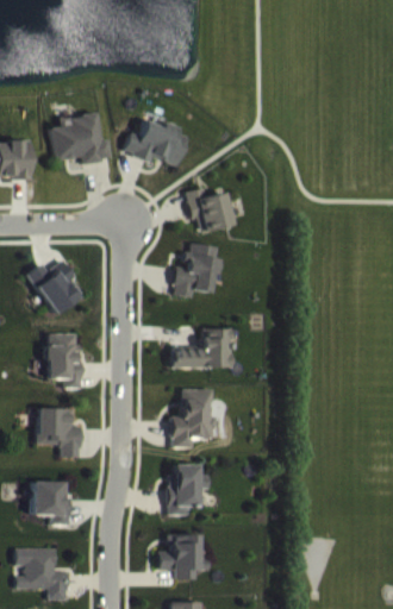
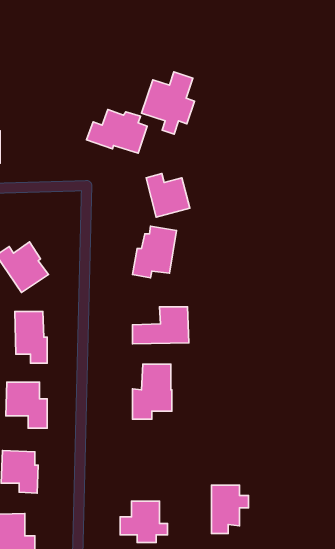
building: none -> [142,72,194,134]
building: [51,113,111,163] -> none
building: [169,464,208,515] -> [211,485,248,534]

